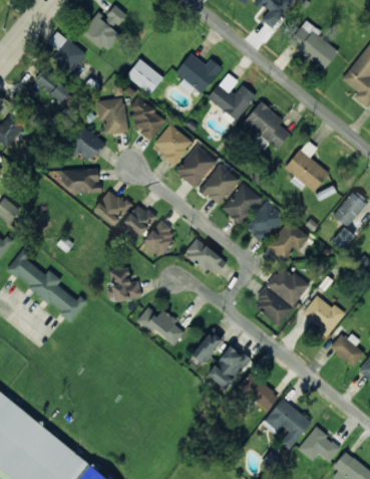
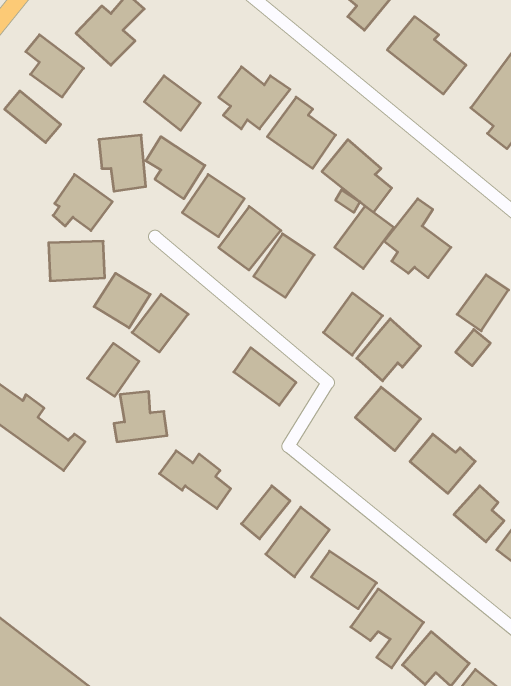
building: [222,184,261,225] -> [335,206,394,269]
building: [142,221,176,256] -> [87,343,139,396]
building: [256,287,293,326] -> none

